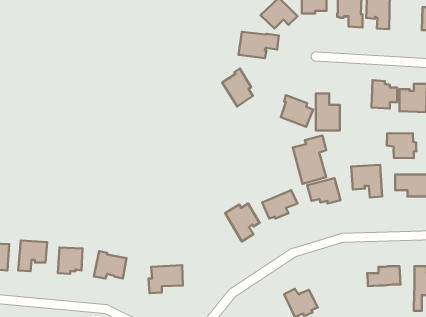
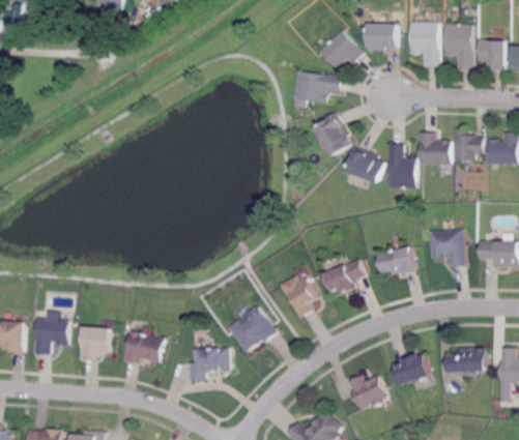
building: none -> [479,39,506,70]
building: [222,69,253,106] -> [313,113,349,157]
building: none -> [415,134,449,167]
building: [387,133,416,158] -> none
building: [293,136,326,184] -> none
building: none -> [228,305,276,350]
building: none -> [391,354,430,386]

